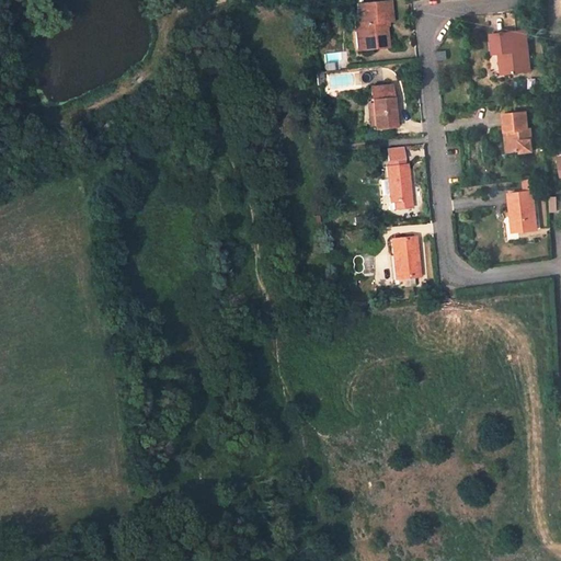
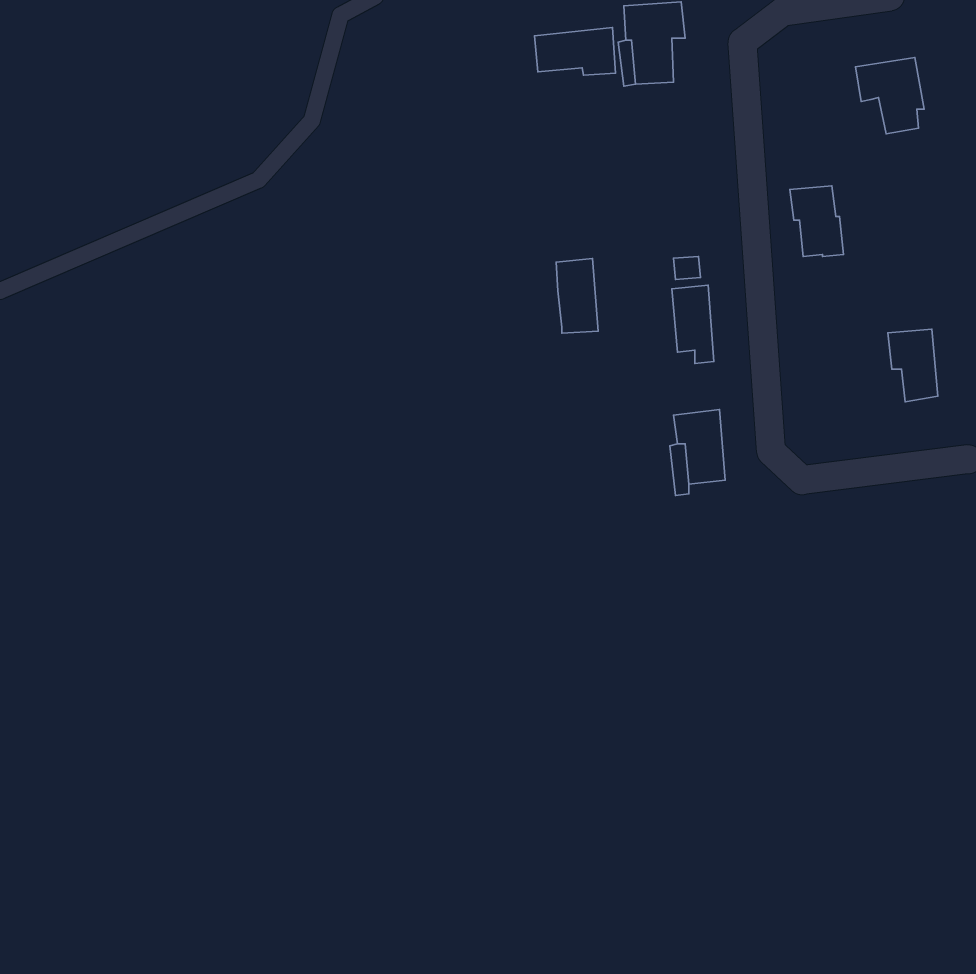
building: none -> [534,28,616,75]
building: [370,87,394,129] -> [556,258,598,333]
building: [504,112,535,152] -> [790,186,843,257]

